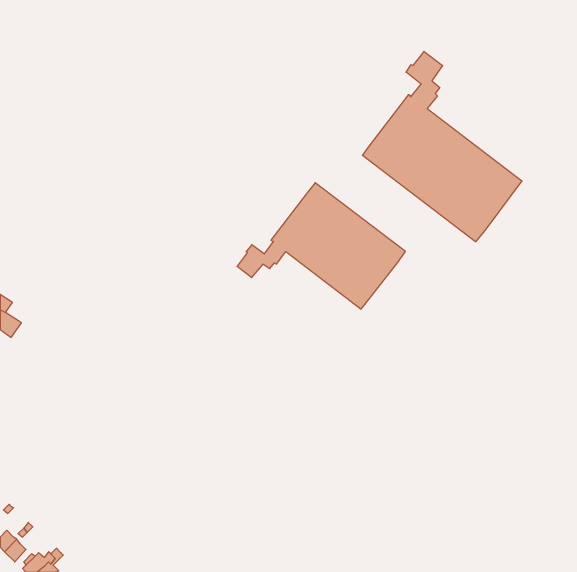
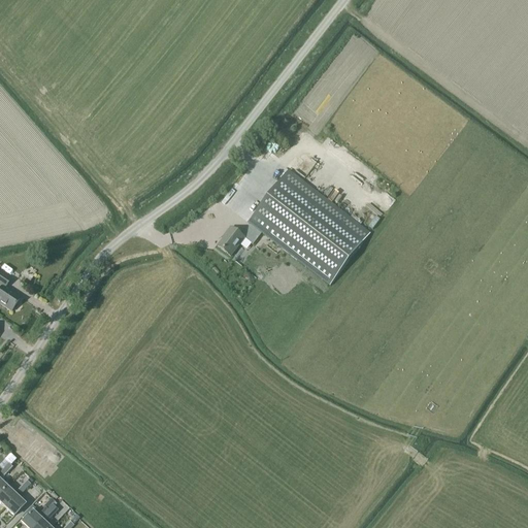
building: [362,51,522,242] -> none

